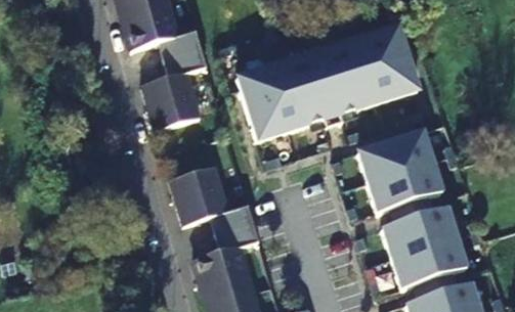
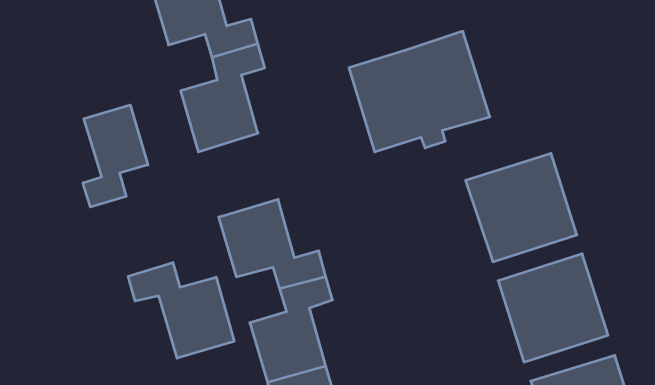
building: [355,25,418,102] -> none
building: [238,65,289,139] -> none
building: none -> [83,105,148,207]
building: none -> [128,262,234,358]

